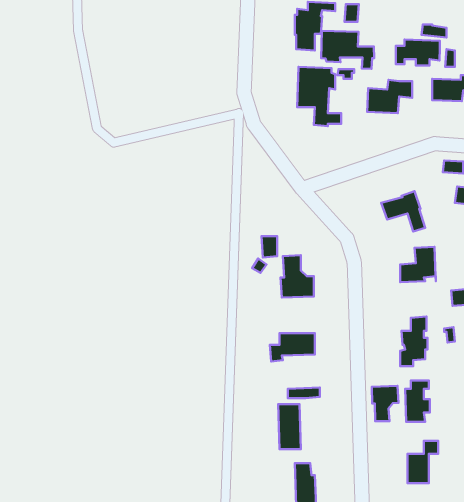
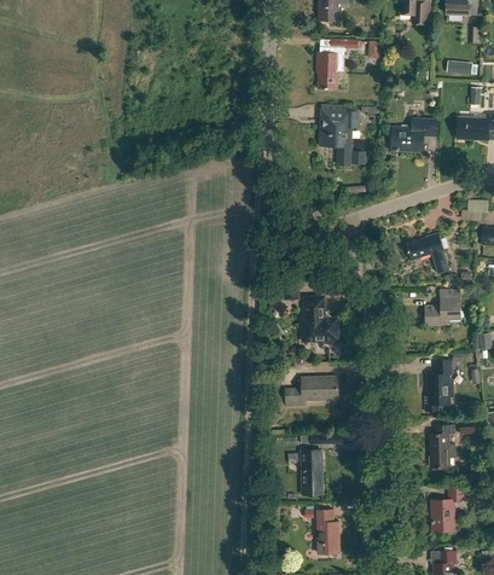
building: [321,31,374,69] -> none
building: [396,40,440,65] -> none
building: [372,386,399,421] -> none

